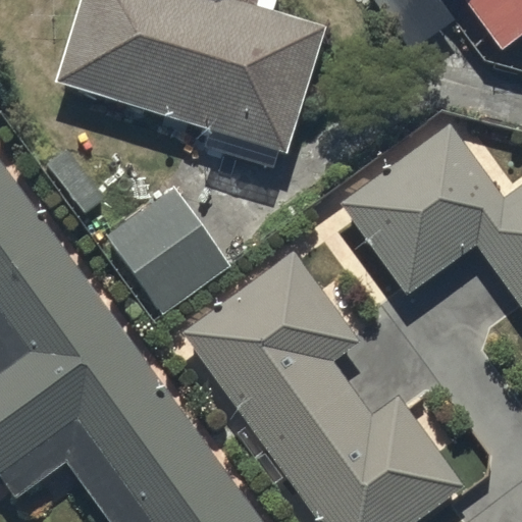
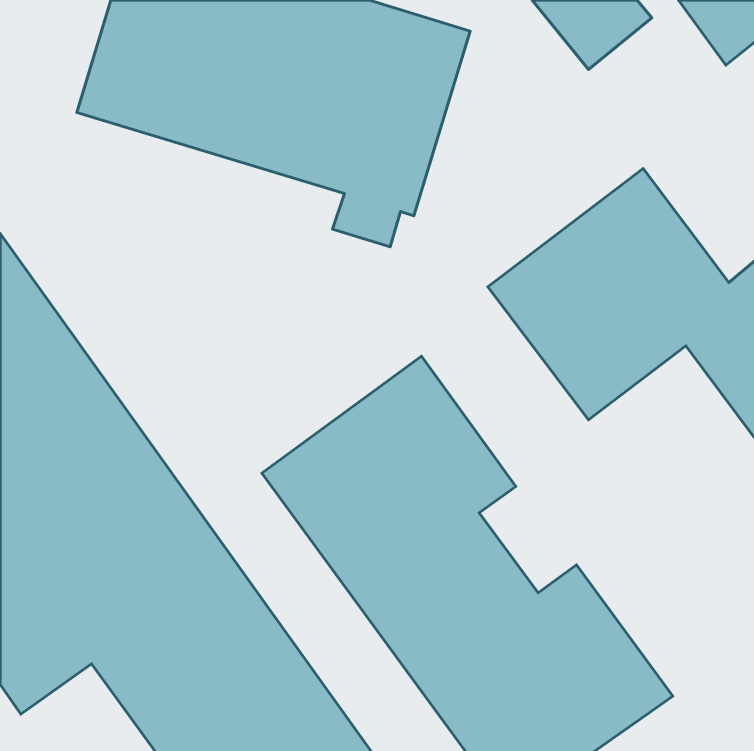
building: [98,189,229,315] -> none

